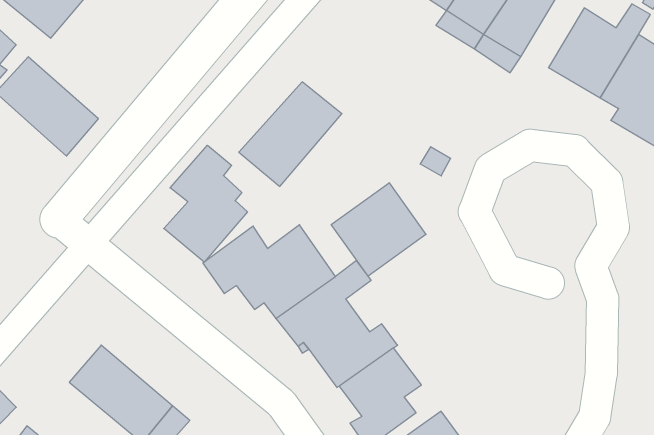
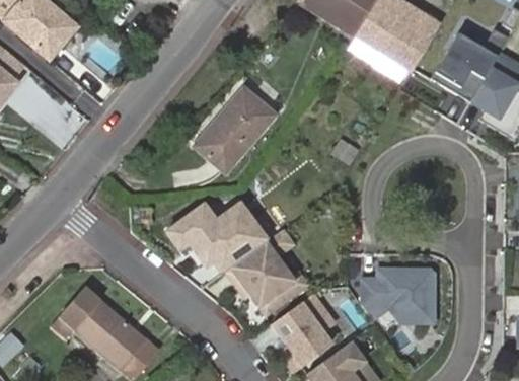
building: [164,145,247,262] -> none
building: [331,183,426,276] -> none
building: none -> [362,269,435,323]

